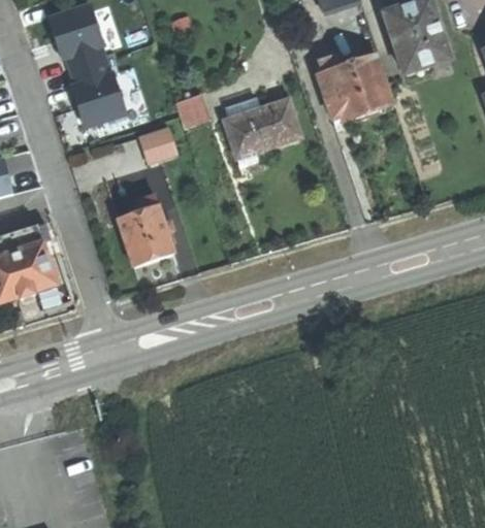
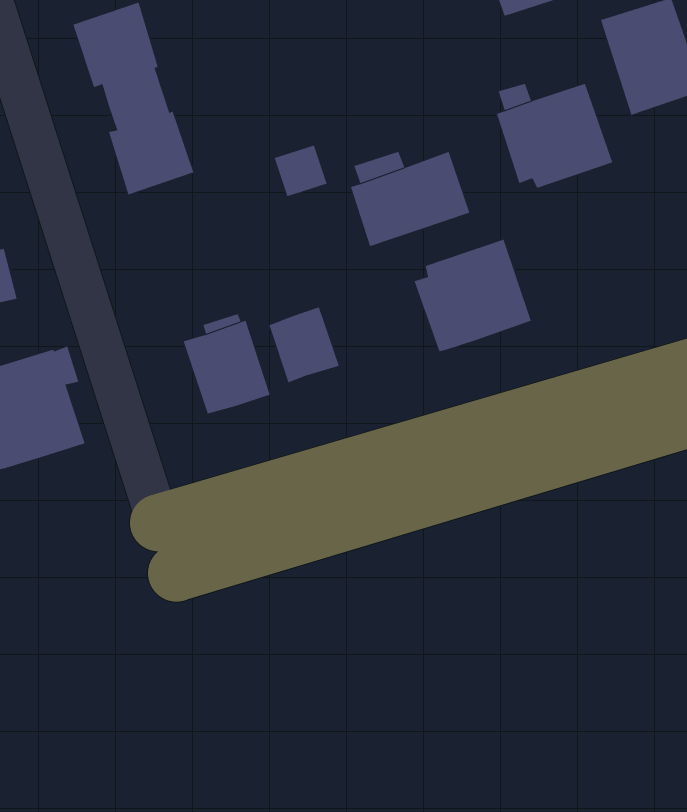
building: [138,127,175,161] -> none
building: none -> [414,239,532,352]
building: none -> [269,307,340,383]

